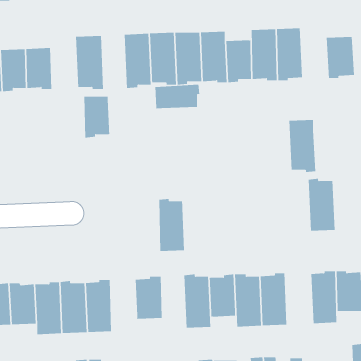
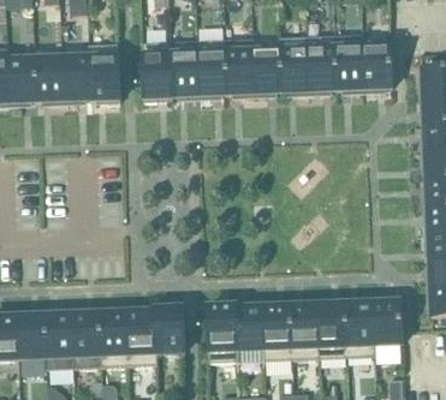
building: [144,84,200,110] -> none
building: [84,85,110,138] -> [63,44,91,102]
building: [289,119,316,172] -> [334,34,364,91]
building: [308,178,335,231] -> [317,300,347,358]
building: [158,199,185,252] -> [127,308,156,365]

